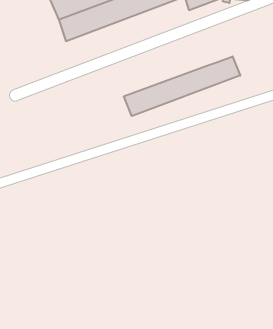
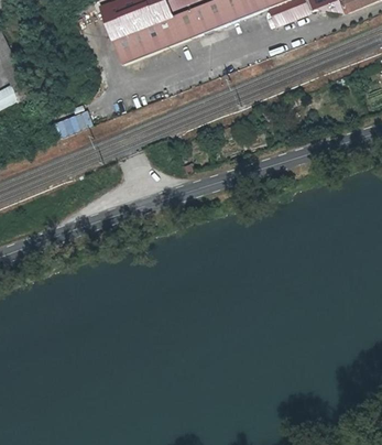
building: [124,56,240,116] -> none

